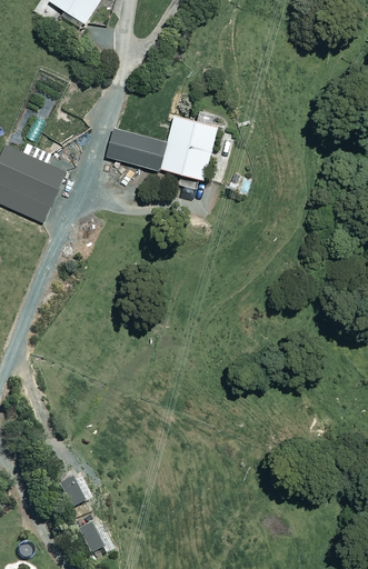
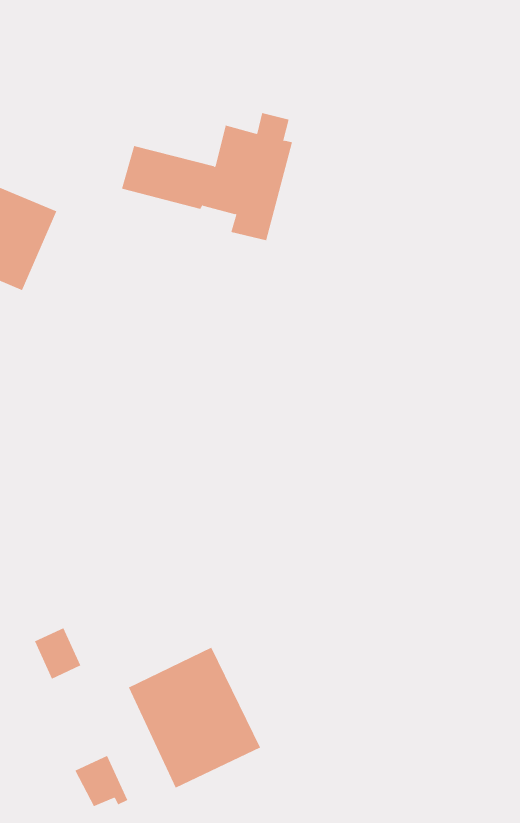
building: none -> [128,647,261,788]
building: [59,473,89,507] -> [34,627,81,679]

